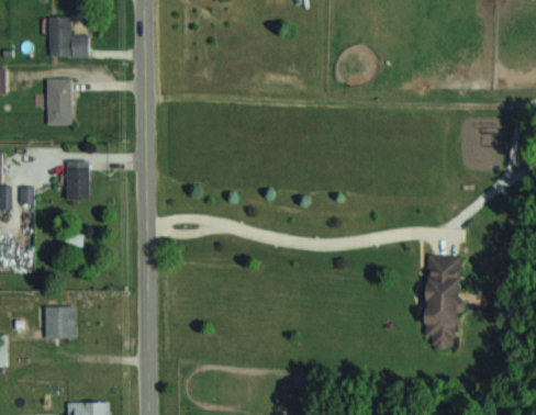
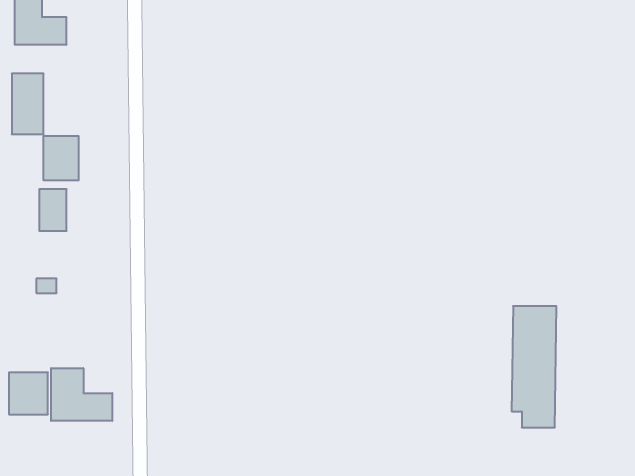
building: none -> [44,136,79,180]
building: none -> [51,368,112,421]

